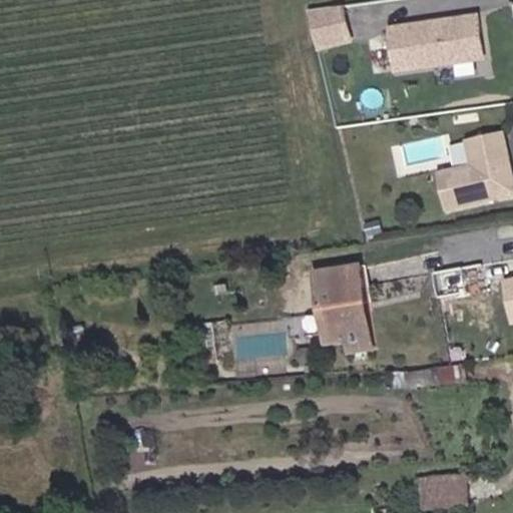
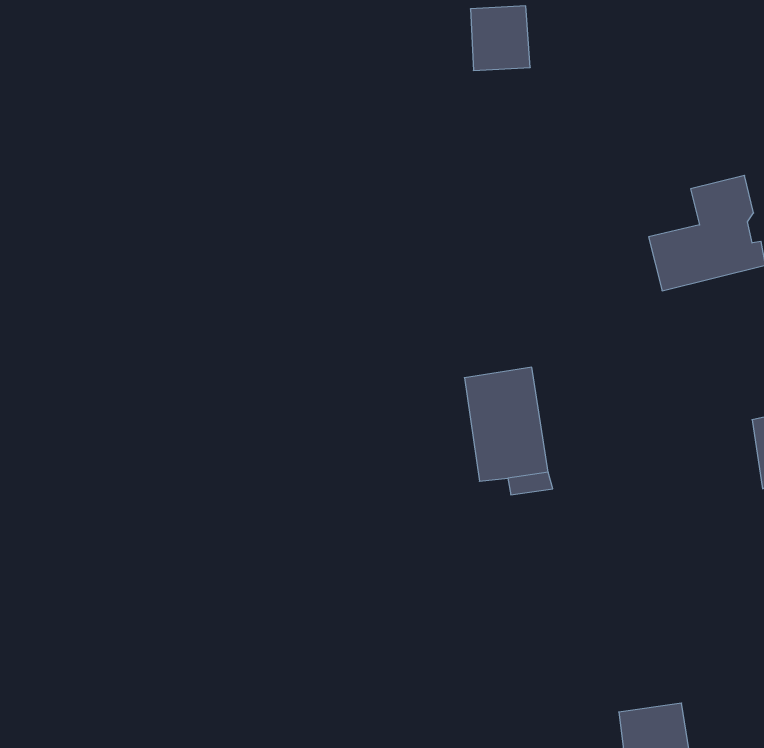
building: [393,19,484,71] -> none

